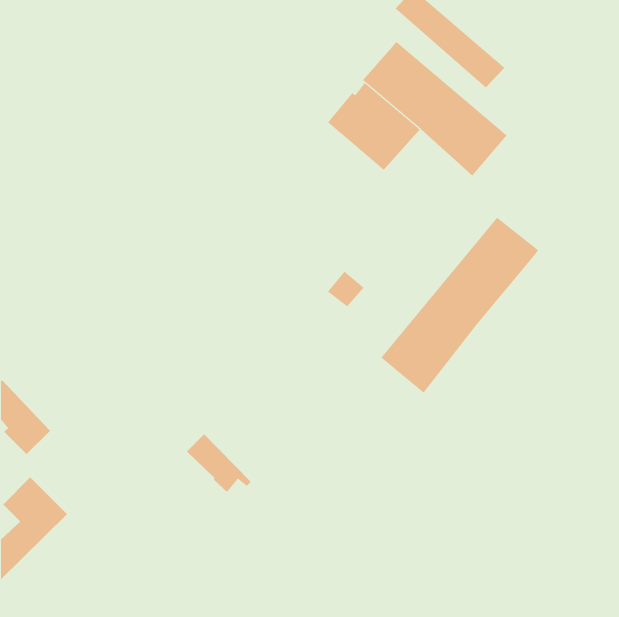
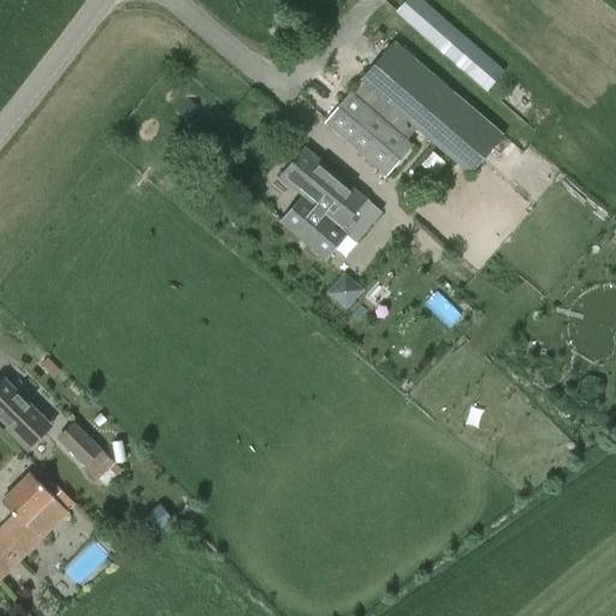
building: none -> [279,147,381,260]
building: [380,217,539,393] -> none
building: [186,433,252,493] -> [55,421,120,480]

